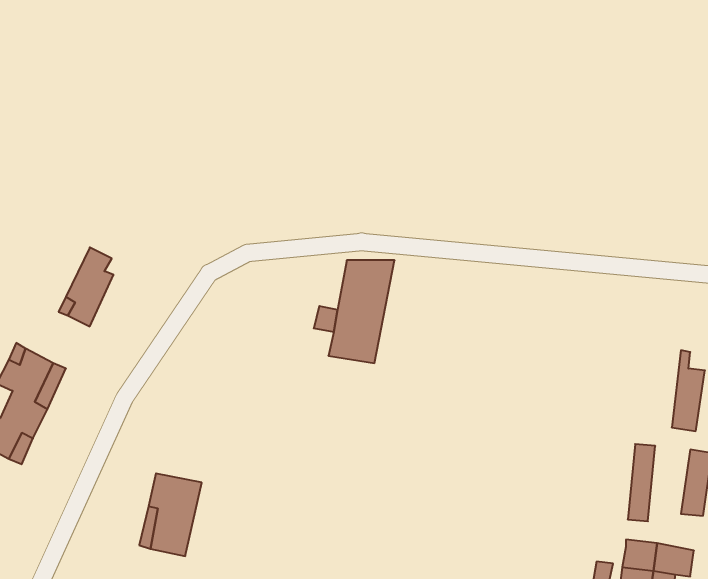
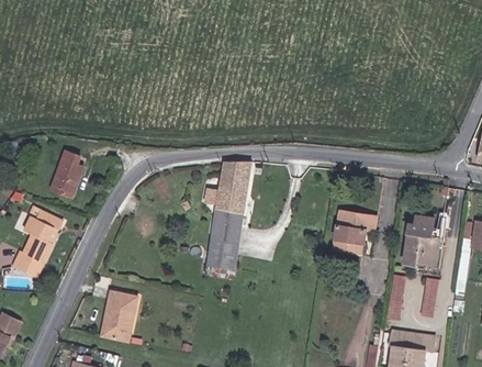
building: none -> [332,210,369,254]
building: none -> [401,213,425,263]
building: none -> [205,219,242,270]

